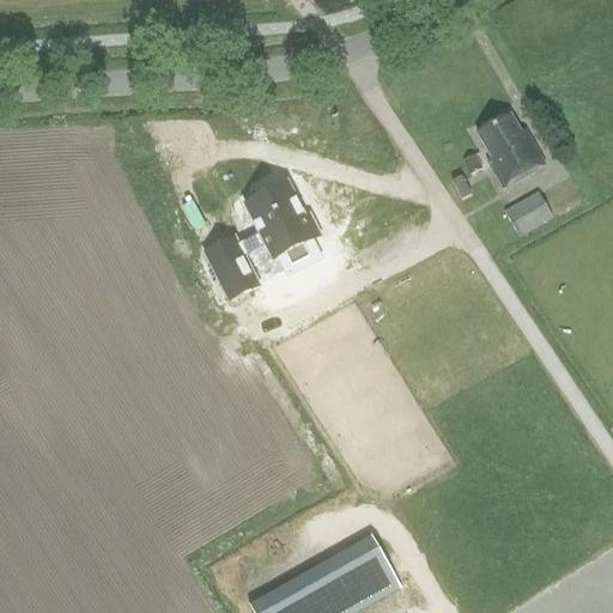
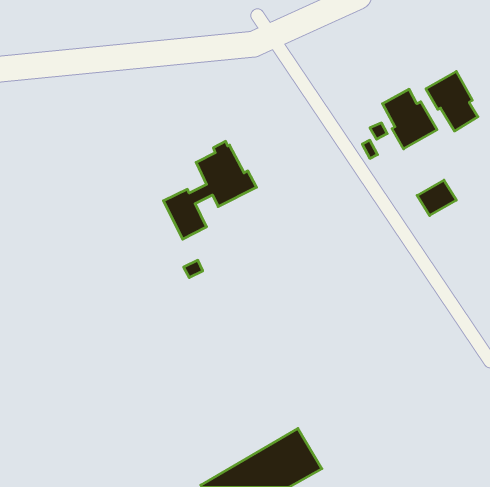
building: none -> [426,71,478,131]
building: [504,190,553,235] -> [417,180,456,216]

